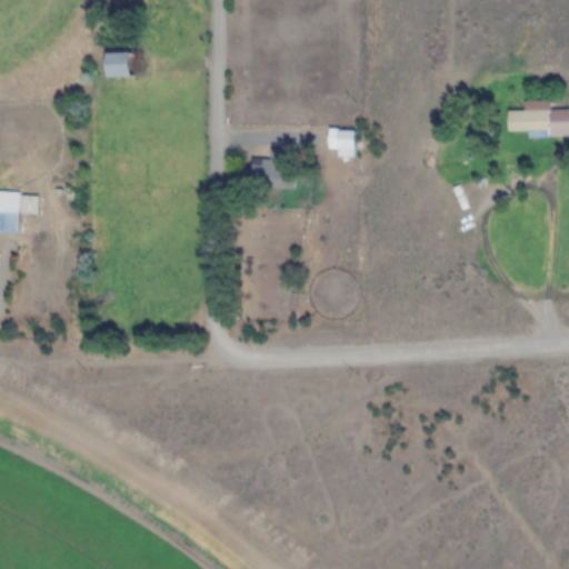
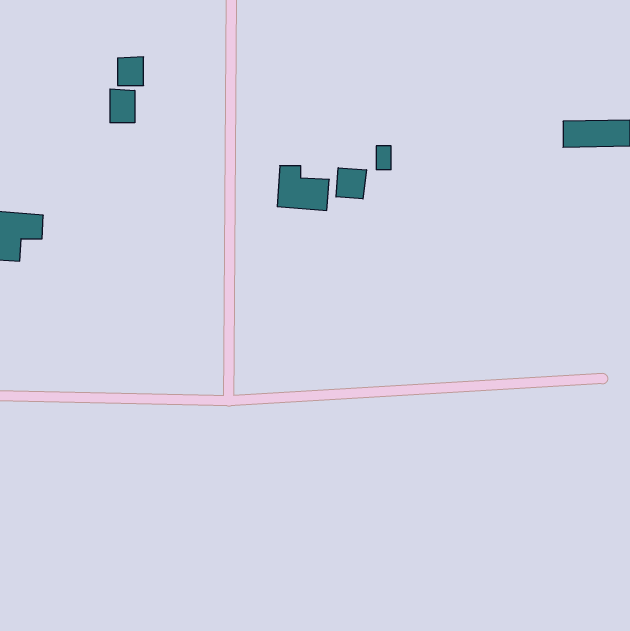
building: none -> [110,89,135,123]
building: none -> [336,168,366,199]

